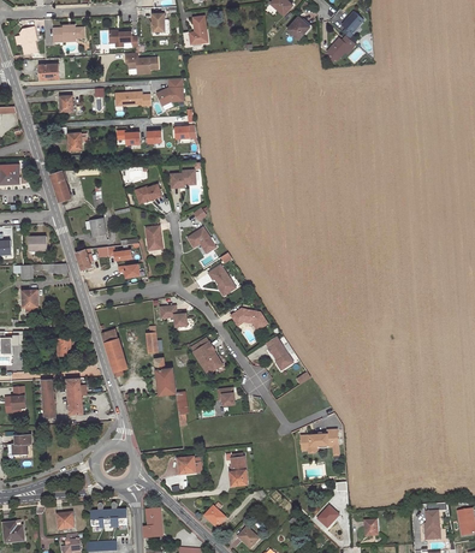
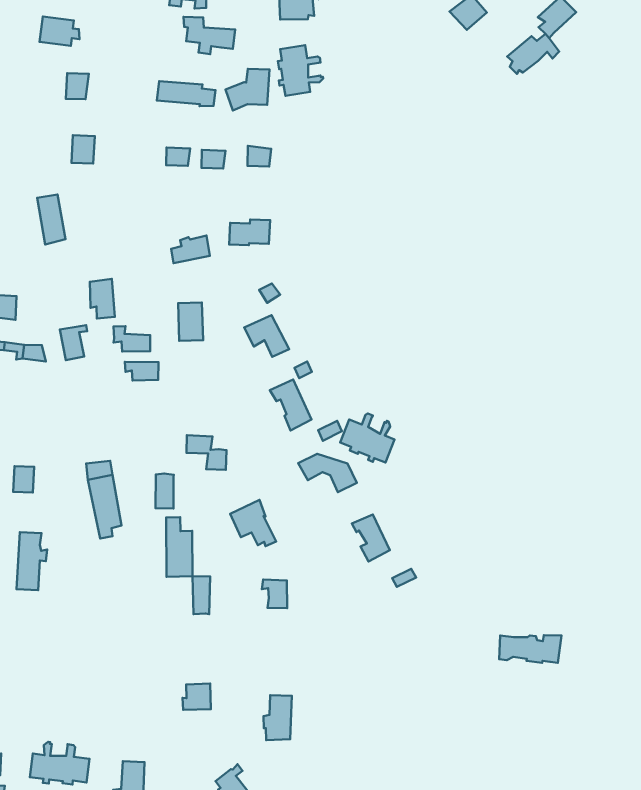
building: none -> [278,45,323,96]
building: none -> [340,414,394,462]
building: [299,429,337,448] -> [499,635,562,663]

